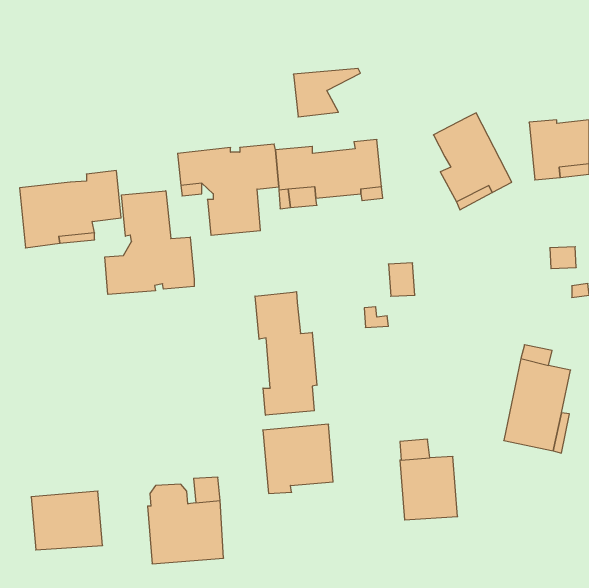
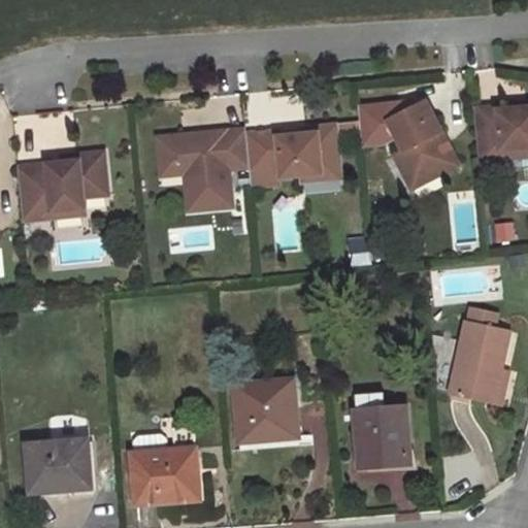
building: [293,68,360,117] -> [358,101,418,144]
building: [105,191,194,294] -> none
building: [255,292,317,415] -> none

